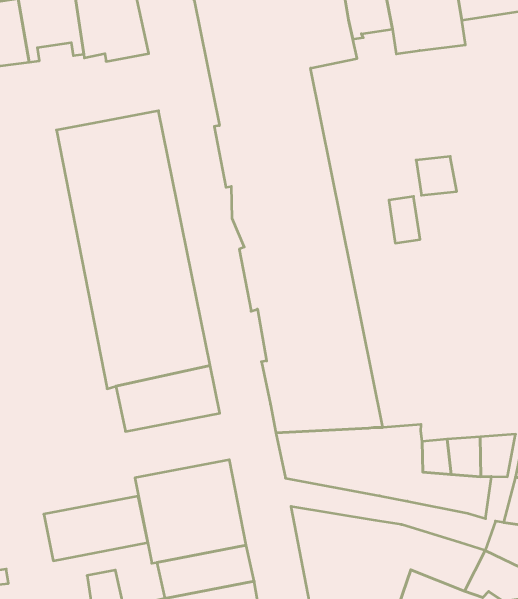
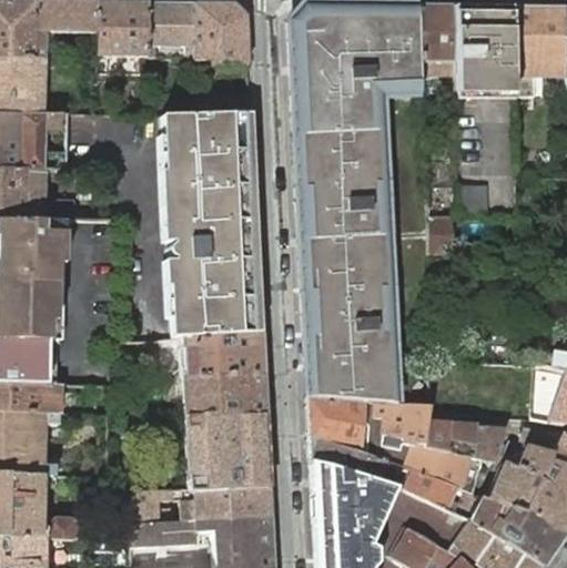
building: none -> [310,434,386,480]
building: [44,496,148,561] -> [182,372,265,415]
building: none -> [401,468,457,509]

